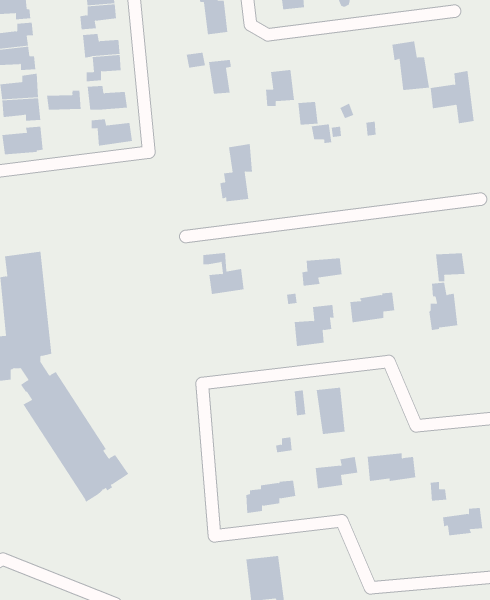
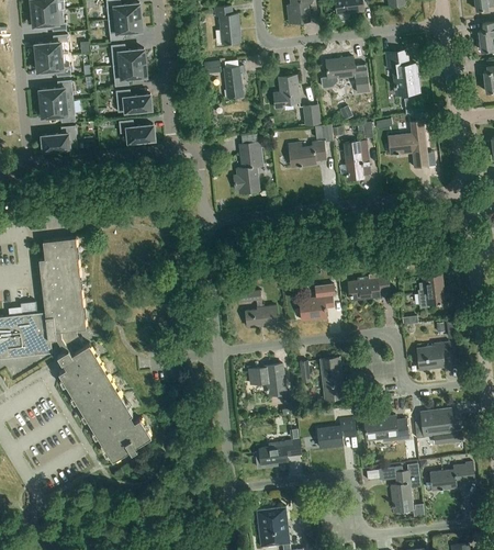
building: none -> [321,57,369,92]
building: [430,71,474,124] -> [389,121,428,168]
building: [47,90,81,110] -> none
building: none -> [344,139,371,180]
building: none -> [289,141,326,167]
building: [202,252,244,295] -> [239,291,277,328]
building: [435,253,465,282] -> none
building: [302,258,342,287] -> none
building: none -> [417,343,450,370]
building: none -> [248,364,285,395]
building: none -> [420,409,461,444]
building: none -> [379,463,419,512]

